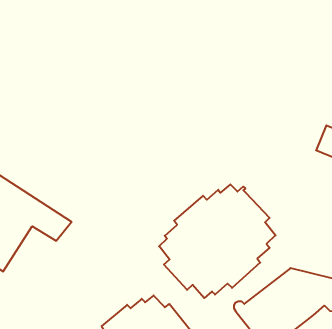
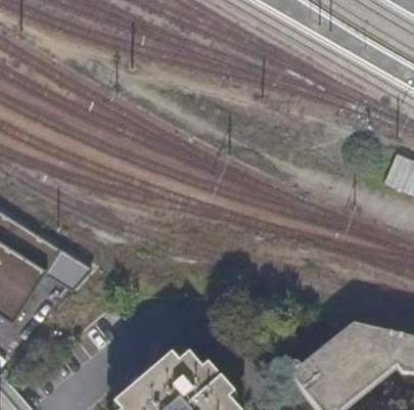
building: [159,184,276,298] -> none

